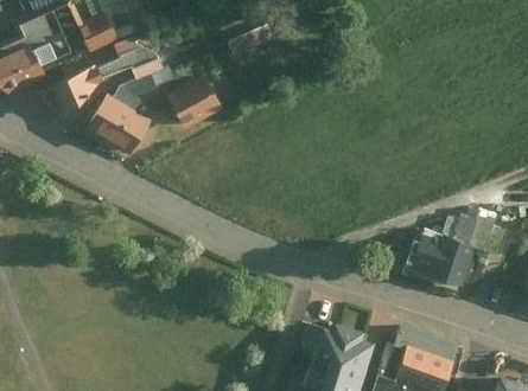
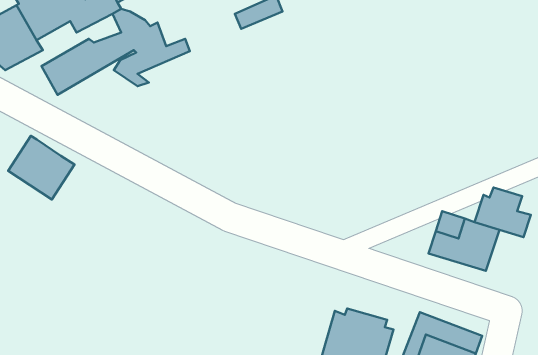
building: [163,77,220,129] -> none
building: [82,92,145,153] -> [8,136,74,200]

